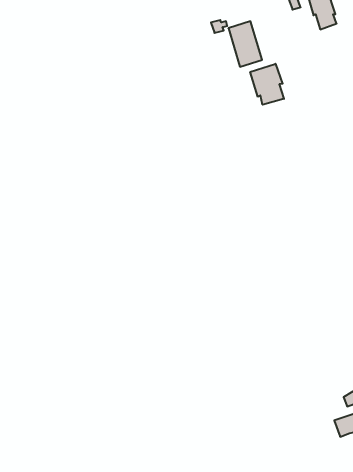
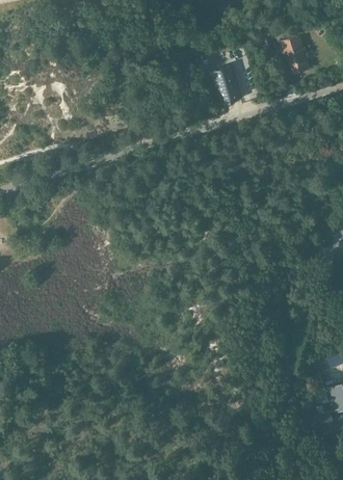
building: [250,64,284,105] -> none

